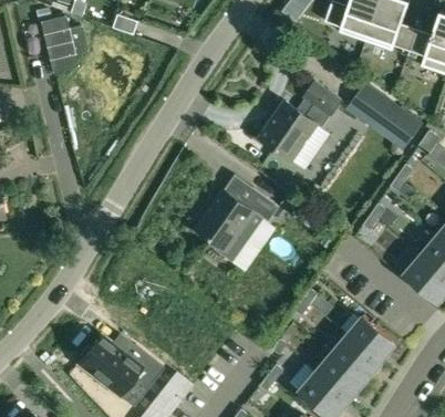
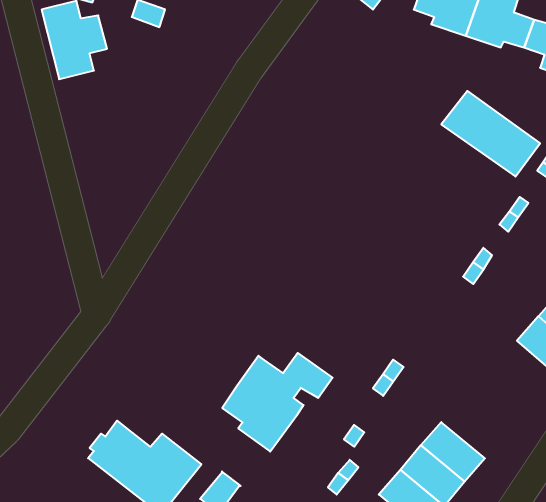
building: [260,81,342,170] -> none
building: [196,187,280,262] -> [222,353,333,452]
building: [346,315,396,363] -> none

